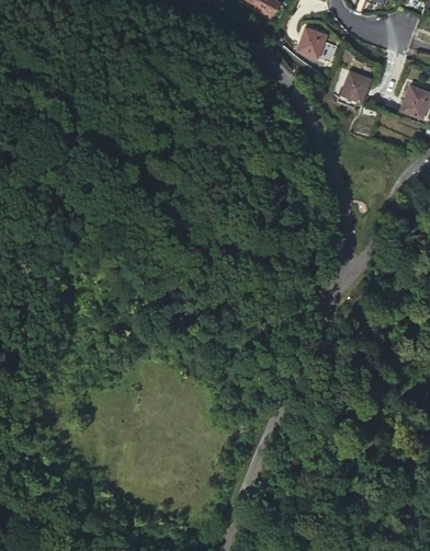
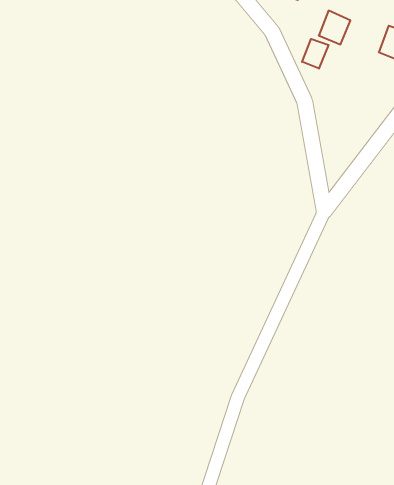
building: none -> [302,39,329,69]

